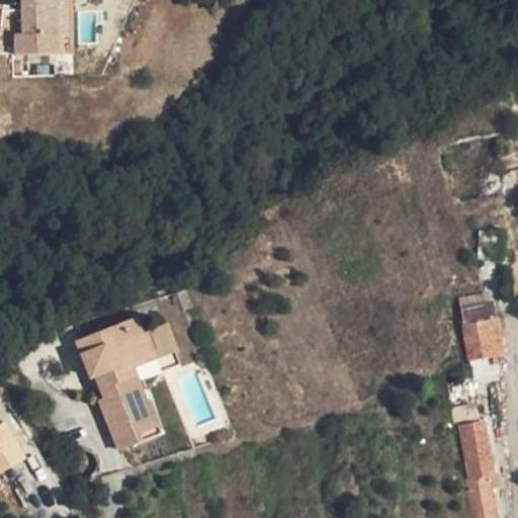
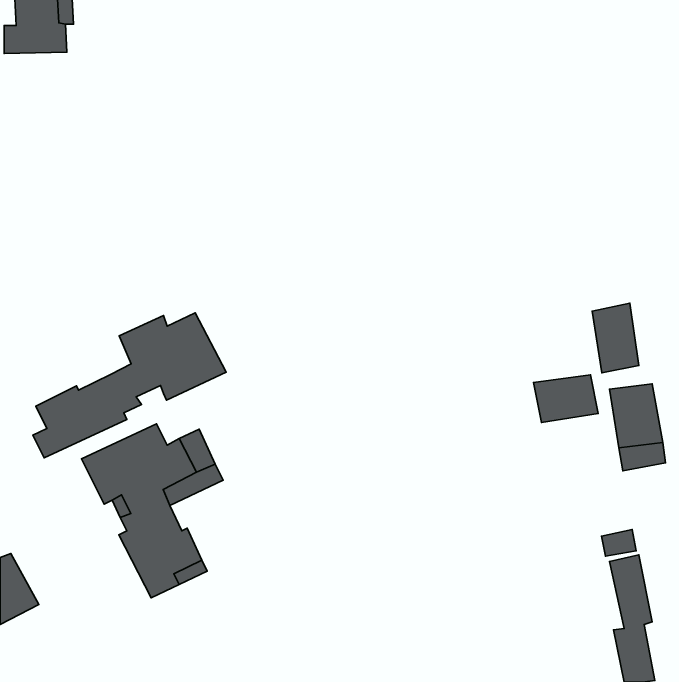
building: none -> [592,303,639,373]
building: none -> [33,313,226,458]
building: none -> [533,375,598,422]

